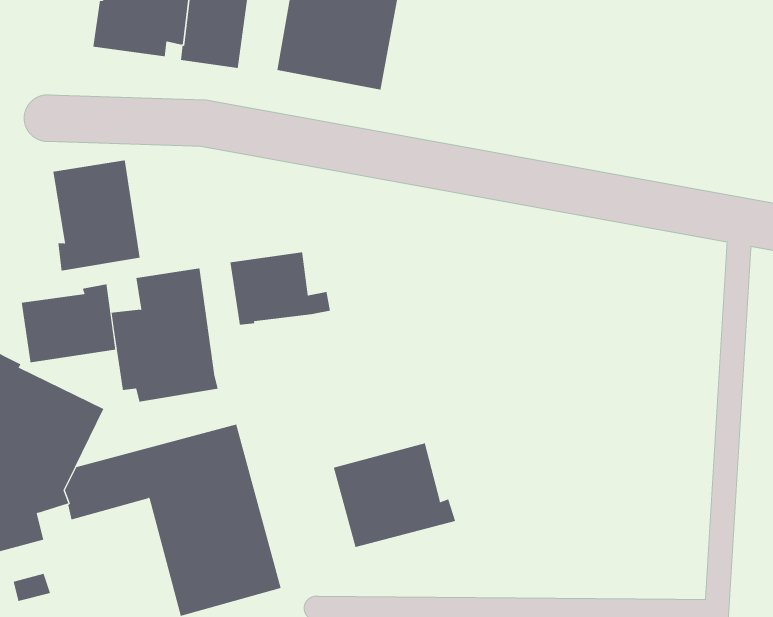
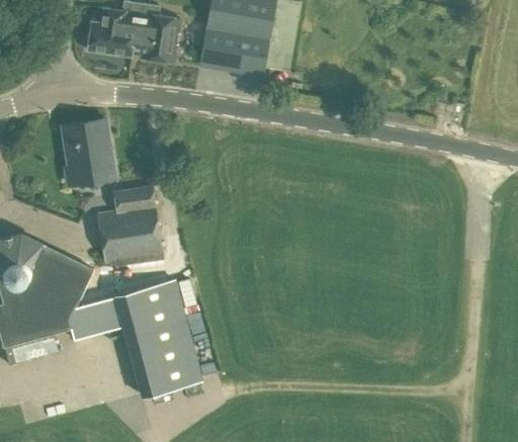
building: [230,251,330,325] -> none
building: [21,284,116,363] -> none
building: [333,442,456,548] -> none

